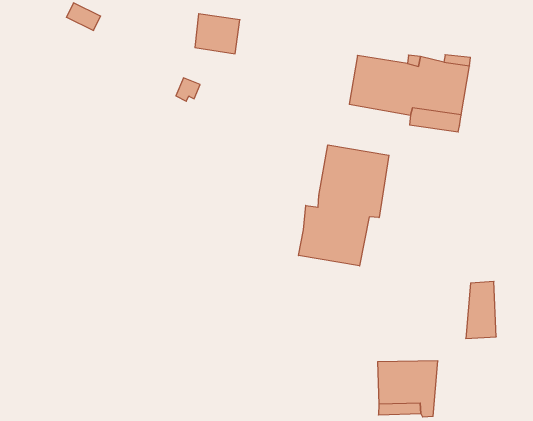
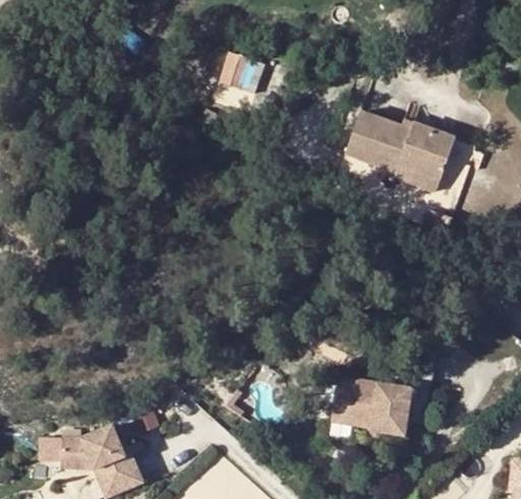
building: [299,145,389,266] -> none
building: [466,281,496,338] -> [373,385,406,435]

